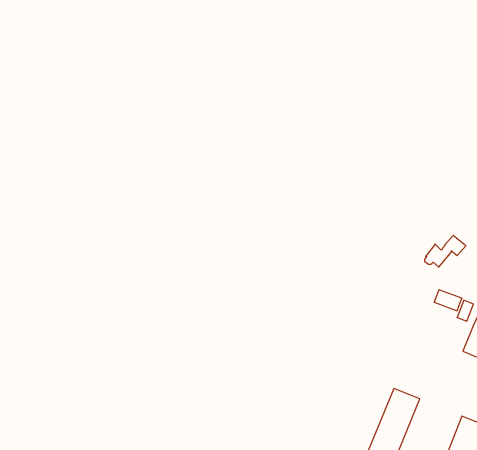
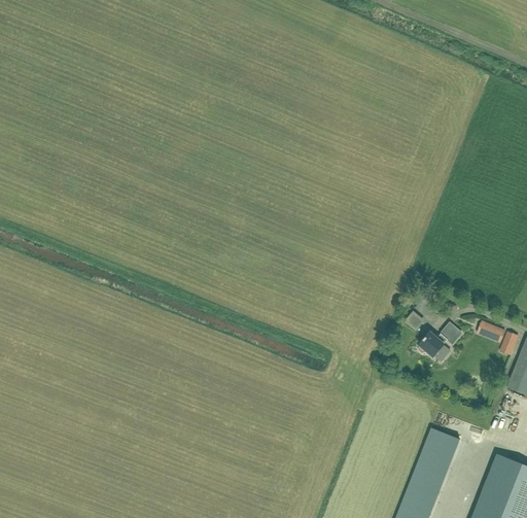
building: [425,235,466,267] -> [418,322,462,356]

